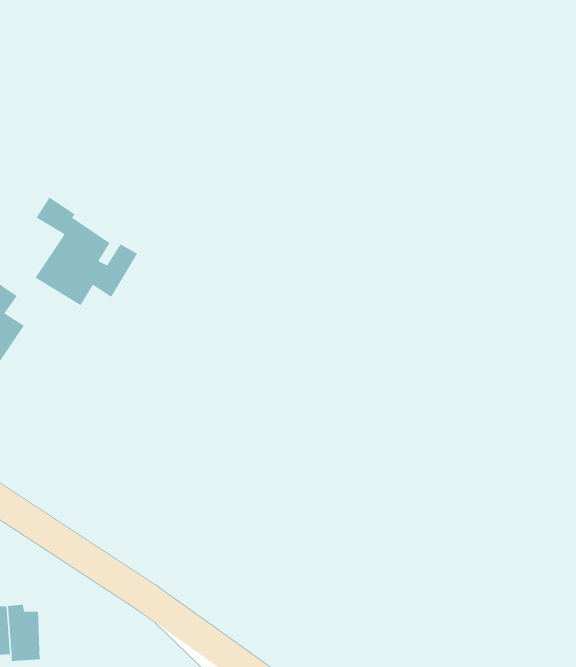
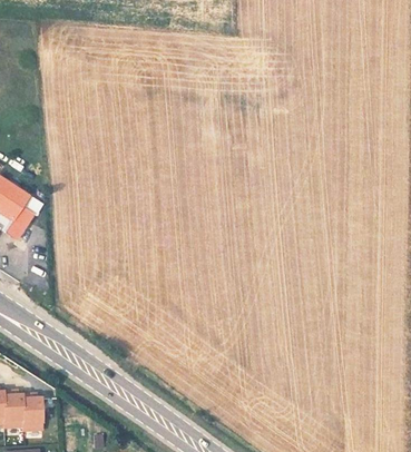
building: [34,197,138,306] -> none

